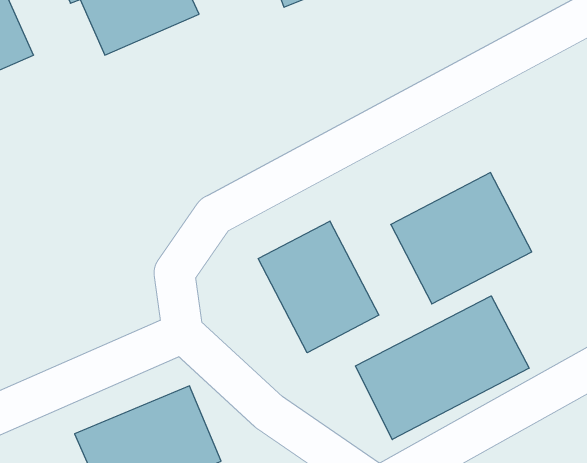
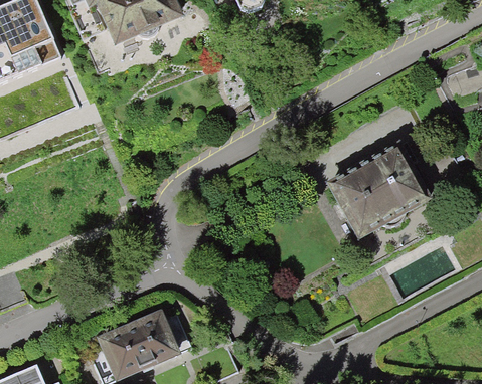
building: [258,221,379,353] -> none
building: [356,296,529,440] -> none

